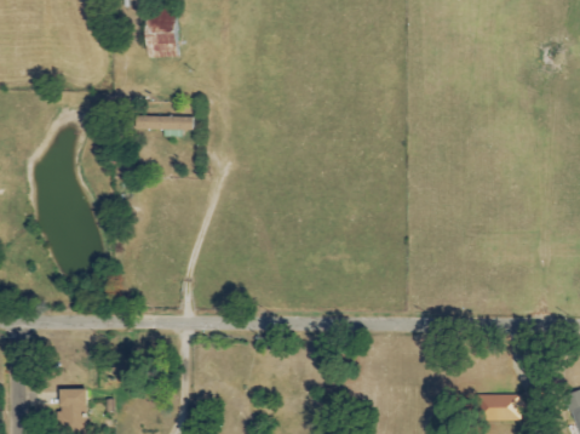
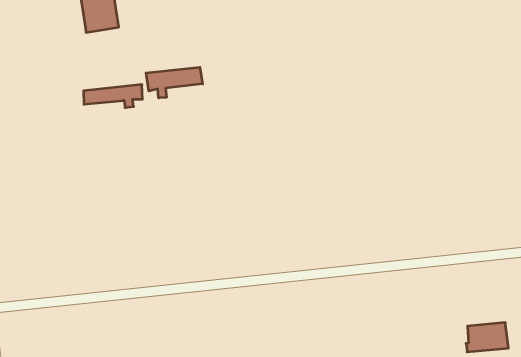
building: none -> [146,67,203,98]

